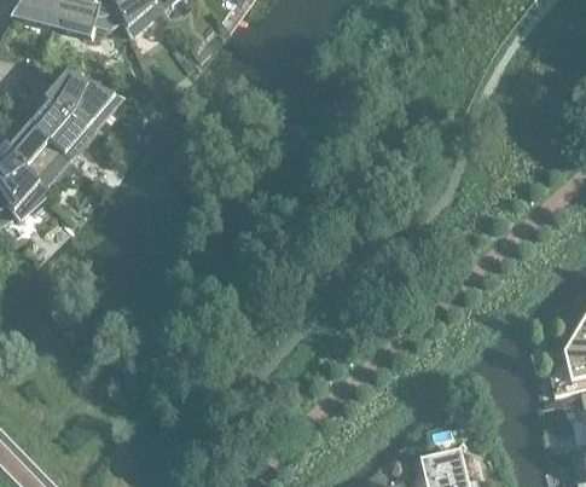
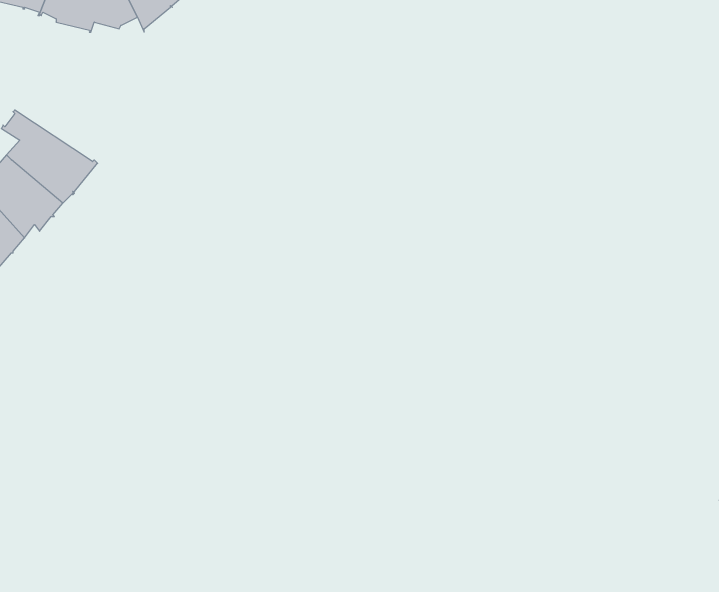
building: [36,73,118,131] -> none

